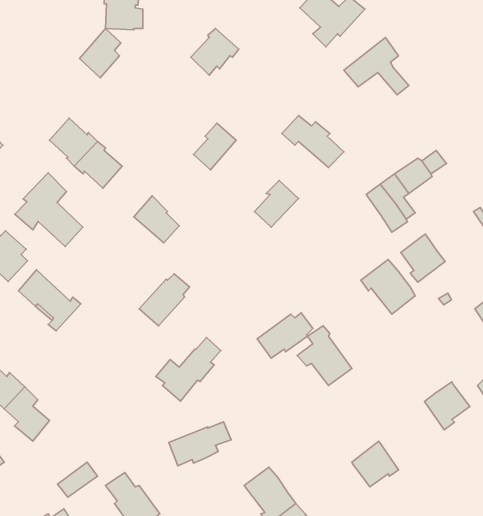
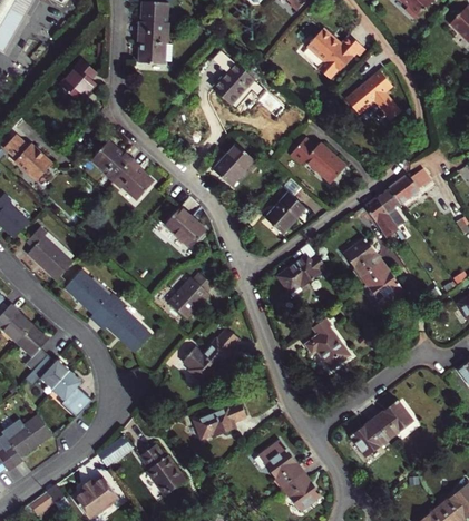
building: [79,29,121,78] -> [61,59,97,101]
building: [15,173,83,246] -> none
building: [401,234,445,282] -> [344,237,382,278]
building: none -> [97,298,150,351]
building: [257,313,313,358] -> [277,253,325,292]
building: [425,382,470,430] -> [374,400,413,441]

